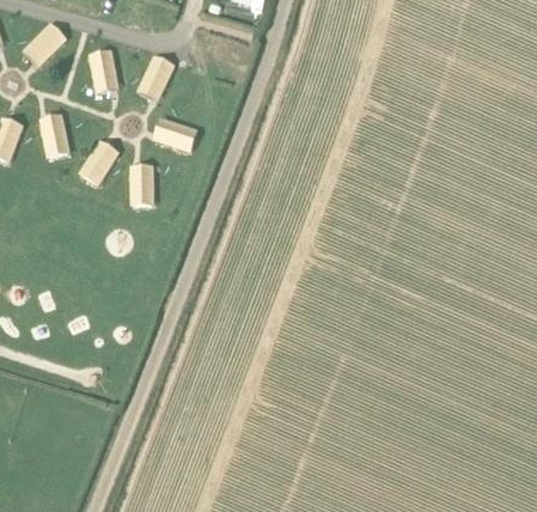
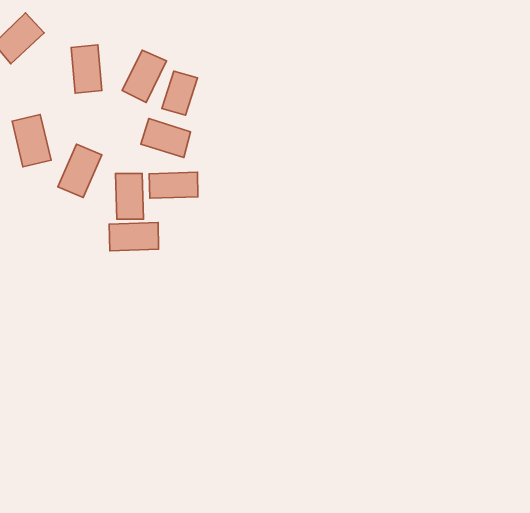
building: none -> [162,71,197,115]
building: none -> [149,172,198,198]
building: none -> [109,223,159,251]

